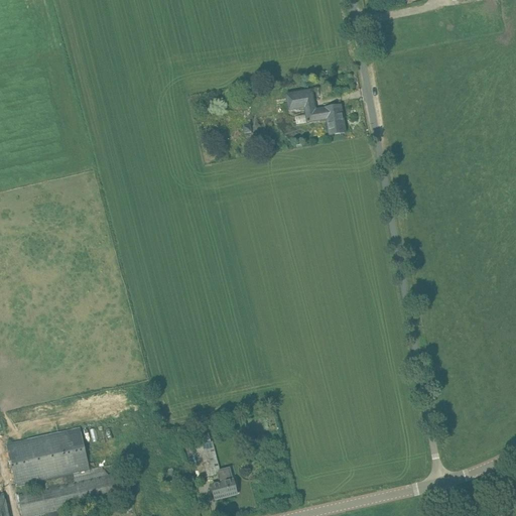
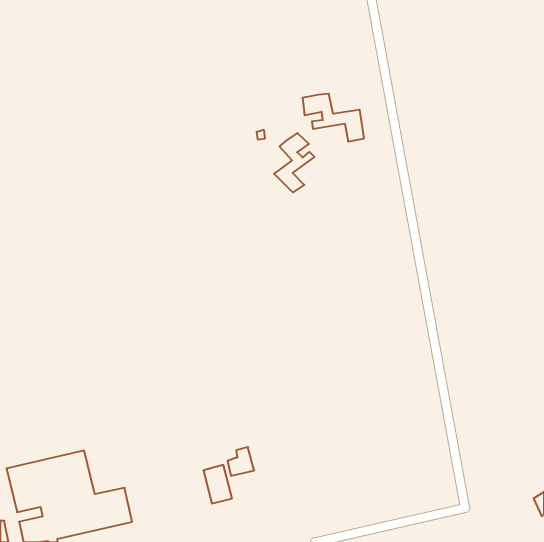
building: none -> [274,133,314,192]
building: [212,471,237,498] -> [228,447,254,476]

